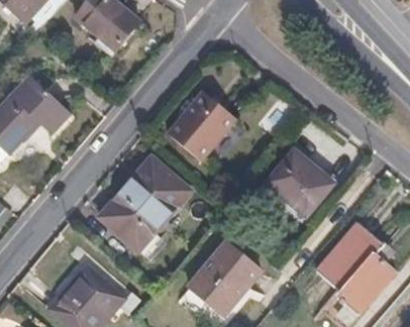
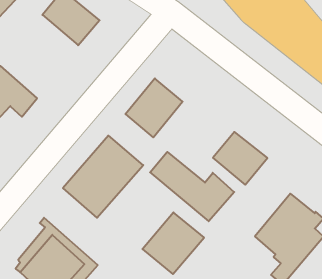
building: none -> [150,152,234,221]

